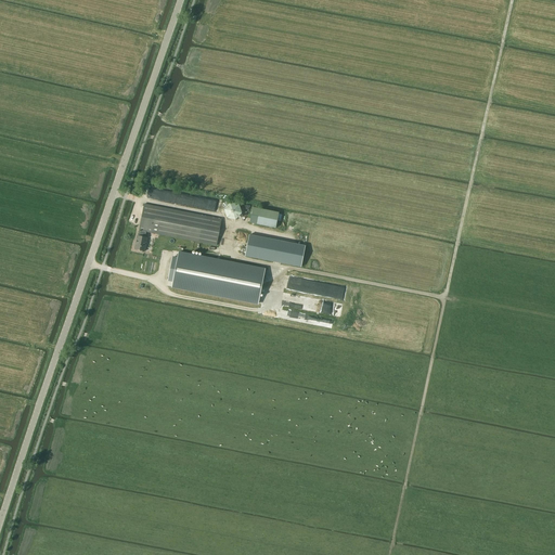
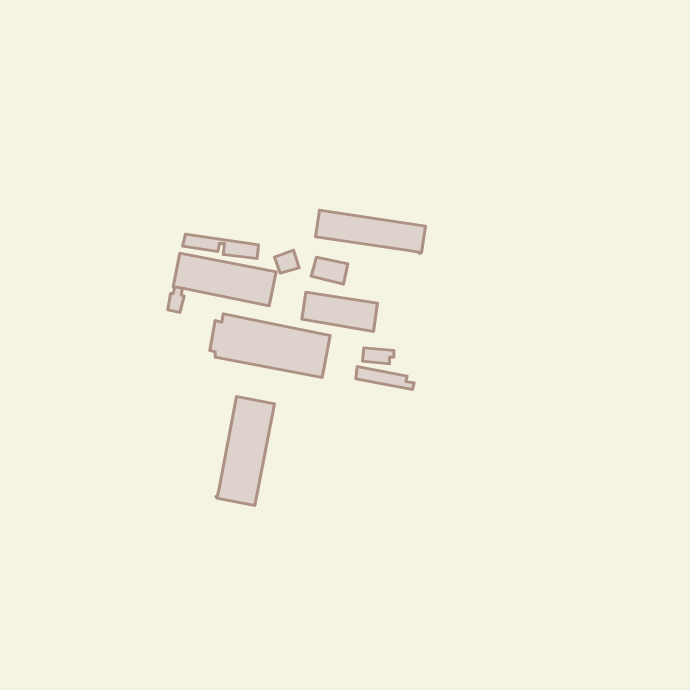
building: none -> [316,210,425,253]
building: none -> [216,397,274,505]

